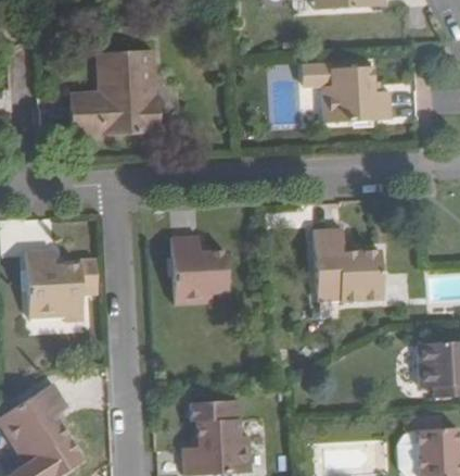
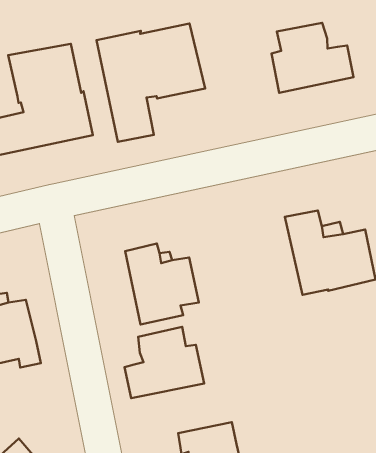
building: none -> [96,23,205,142]
building: none -> [125,327,204,398]

